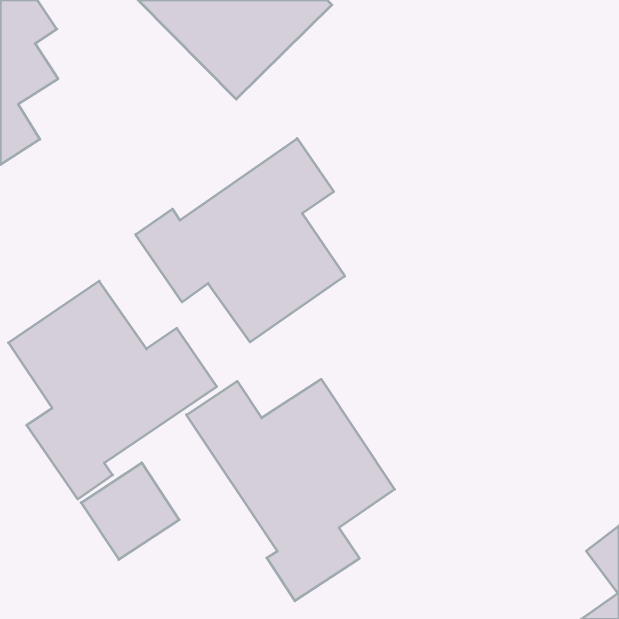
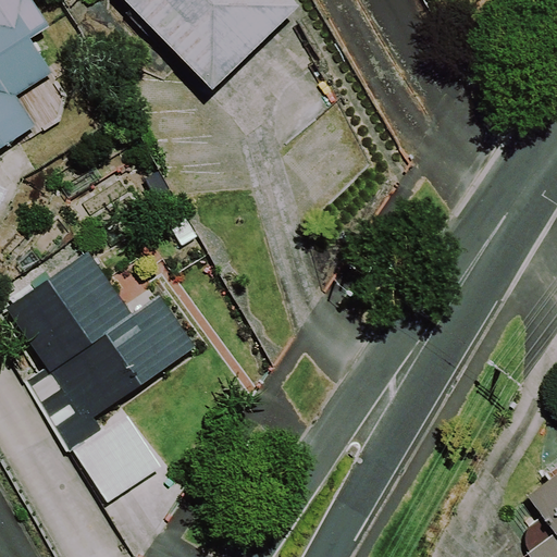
building: [136,138,345,342] -> none
building: [186,379,395,601] -> none

